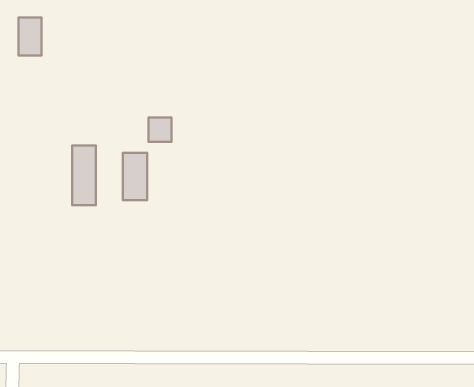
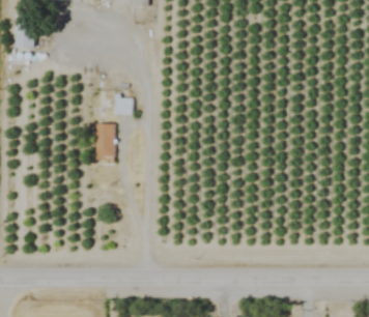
building: [72,146,96,205] -> none

